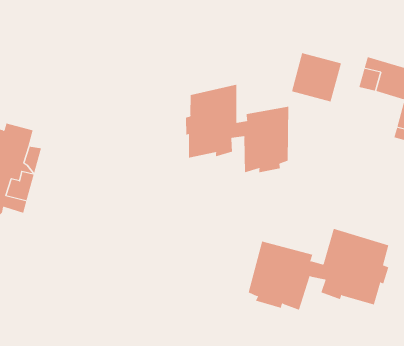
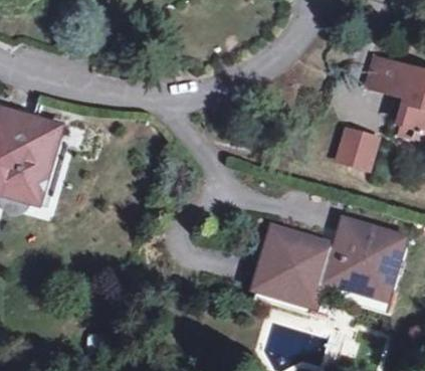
building: [291,53,342,102] -> [330,122,378,169]
building: [185,84,289,173] -> none

